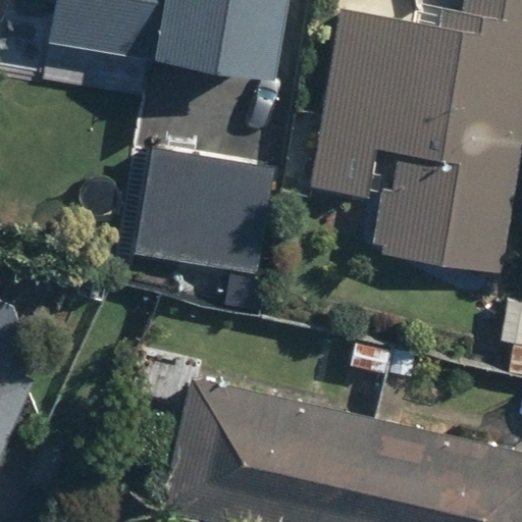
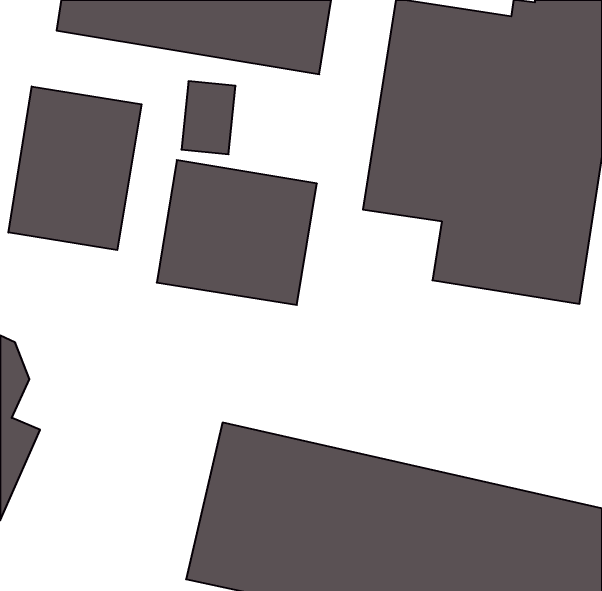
building: none -> [8,86,142,250]

